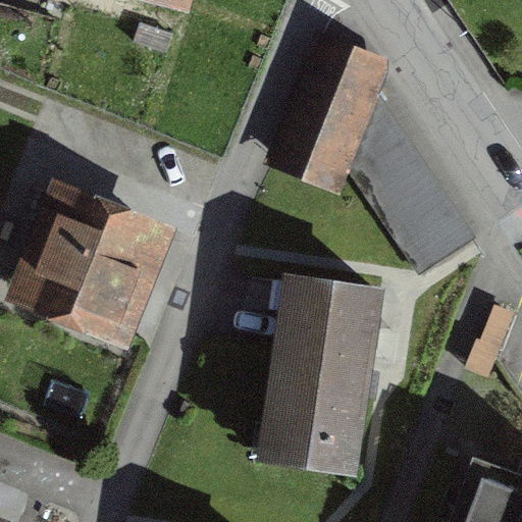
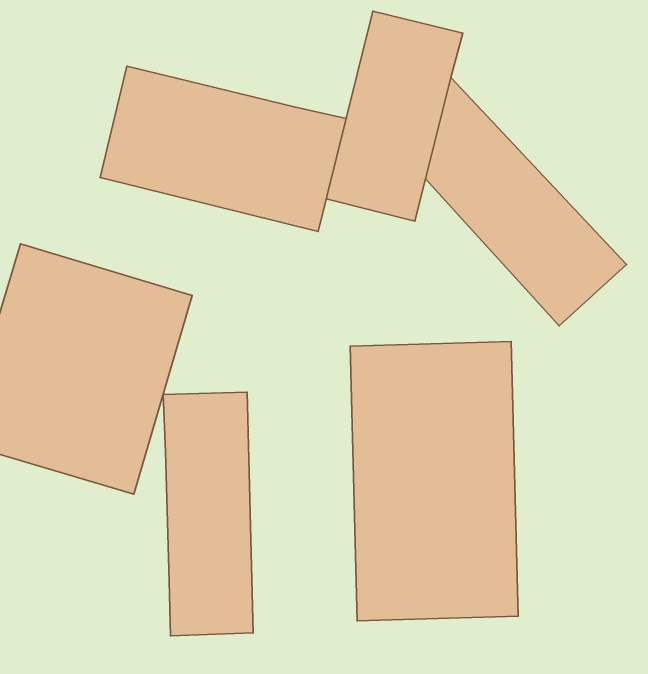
building: none -> [100,66,346,231]
building: none -> [163,392,253,636]

